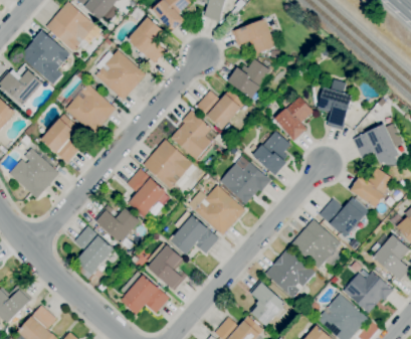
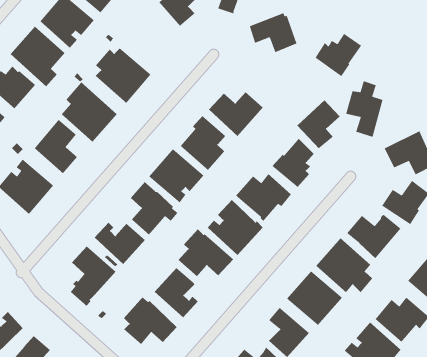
building: [128,17,166,63] -> none
building: [228,59,270,99] -> [314,33,362,77]

